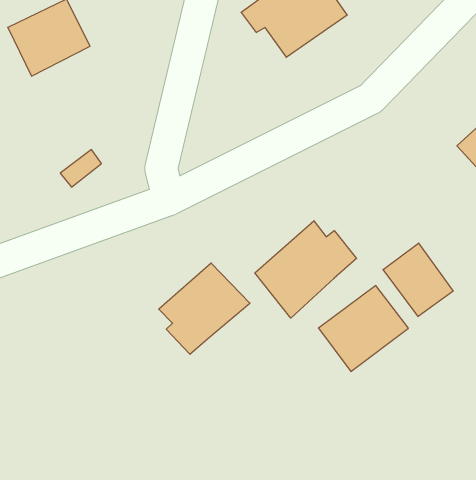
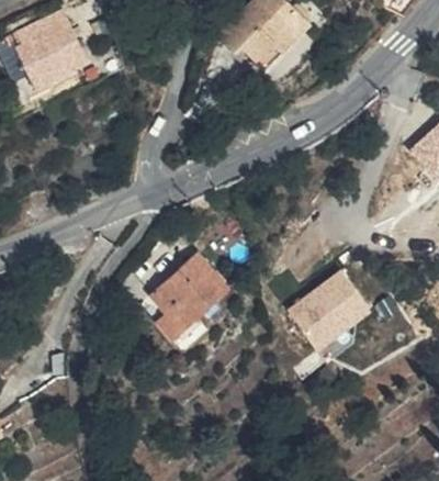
building: [255,221,357,318] -> none
building: [383,243,453,317] -> none

